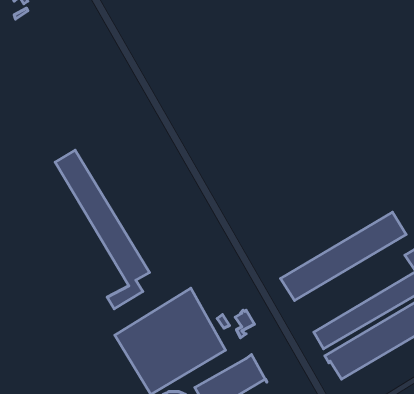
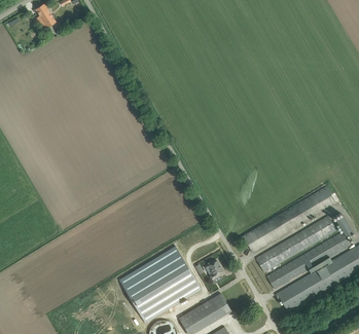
building: [55,150,150,309] -> none
building: none -> [255,216,335,272]

